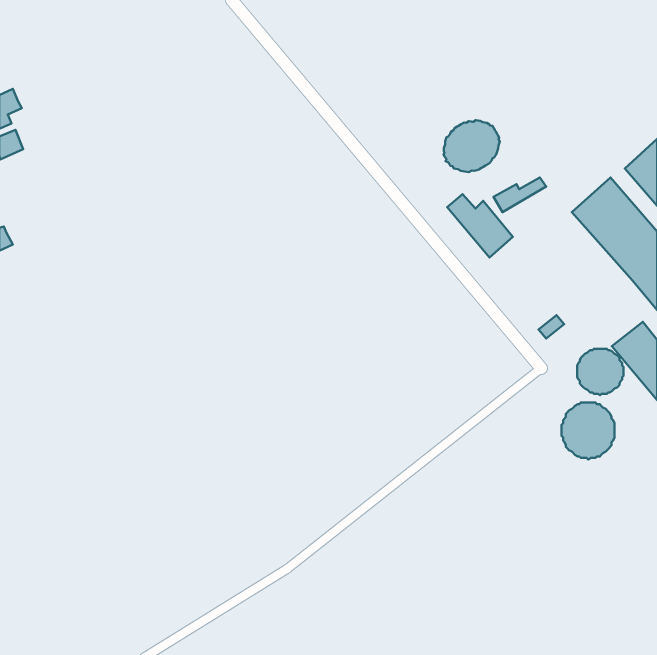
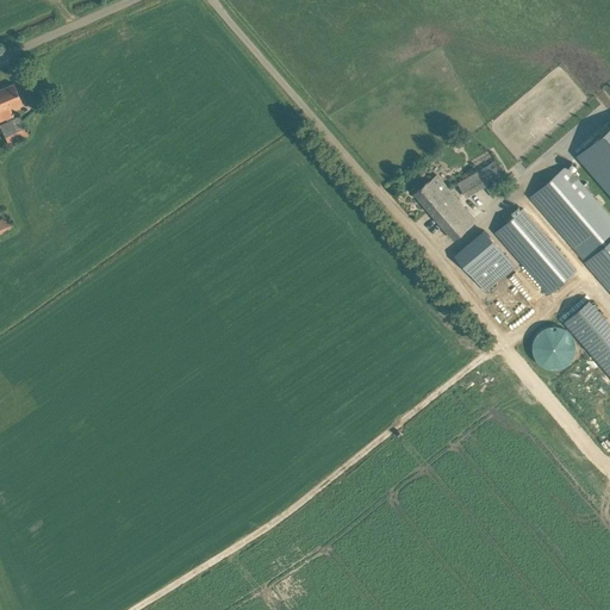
building: [444,120,500,172] -> none
building: none -> [493,210,575,295]
building: none -> [454,231,515,292]
building: [562,403,615,460] -> none

